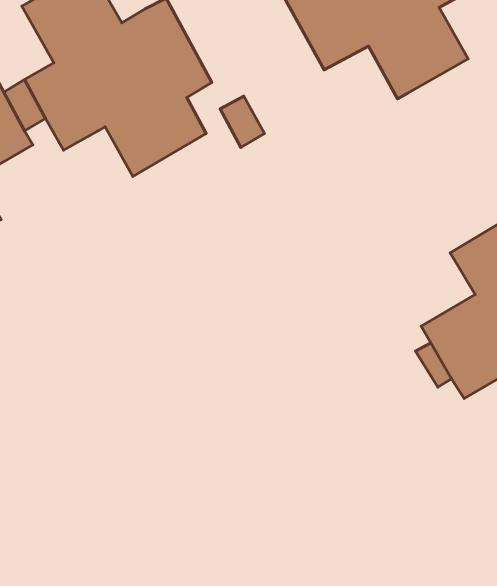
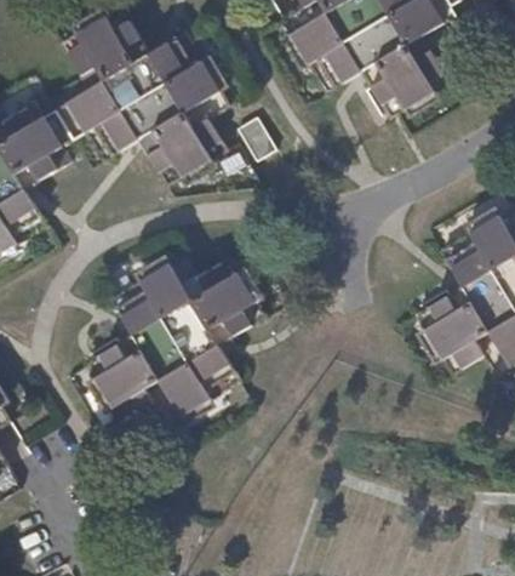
building: none -> [86,255,262,424]

